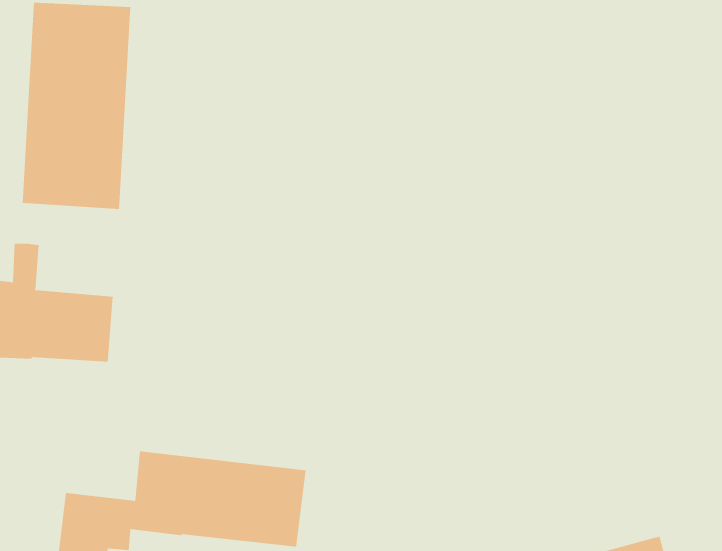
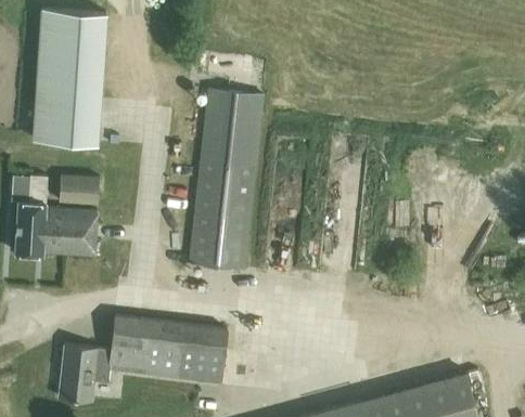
building: none -> [190,97,259,269]
building: none -> [59,175,99,205]

